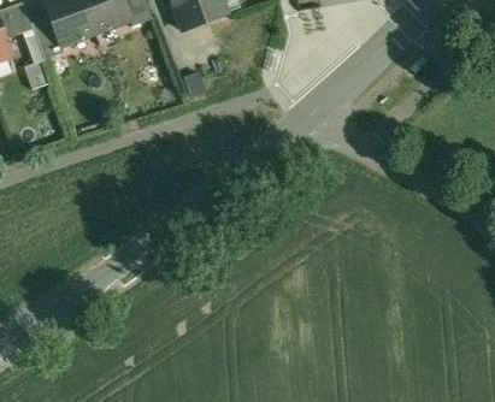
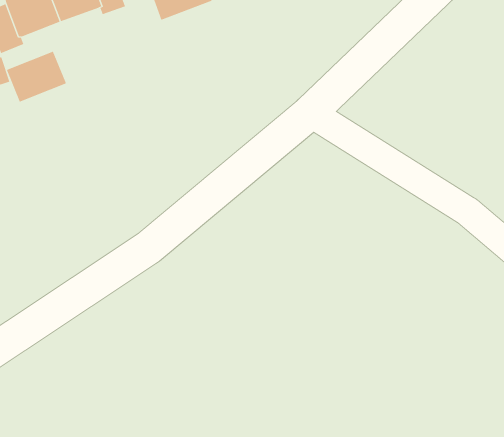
building: none -> [6,51,67,102]

